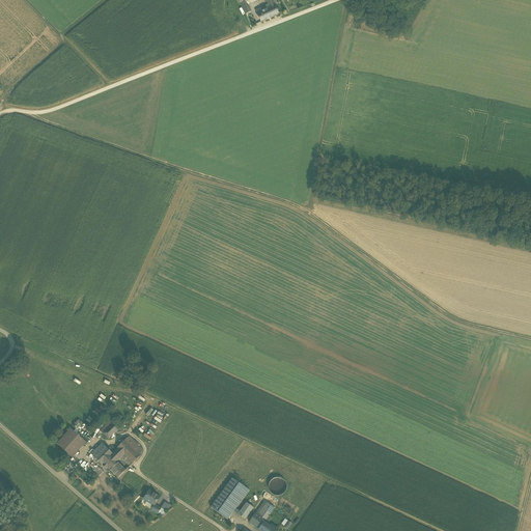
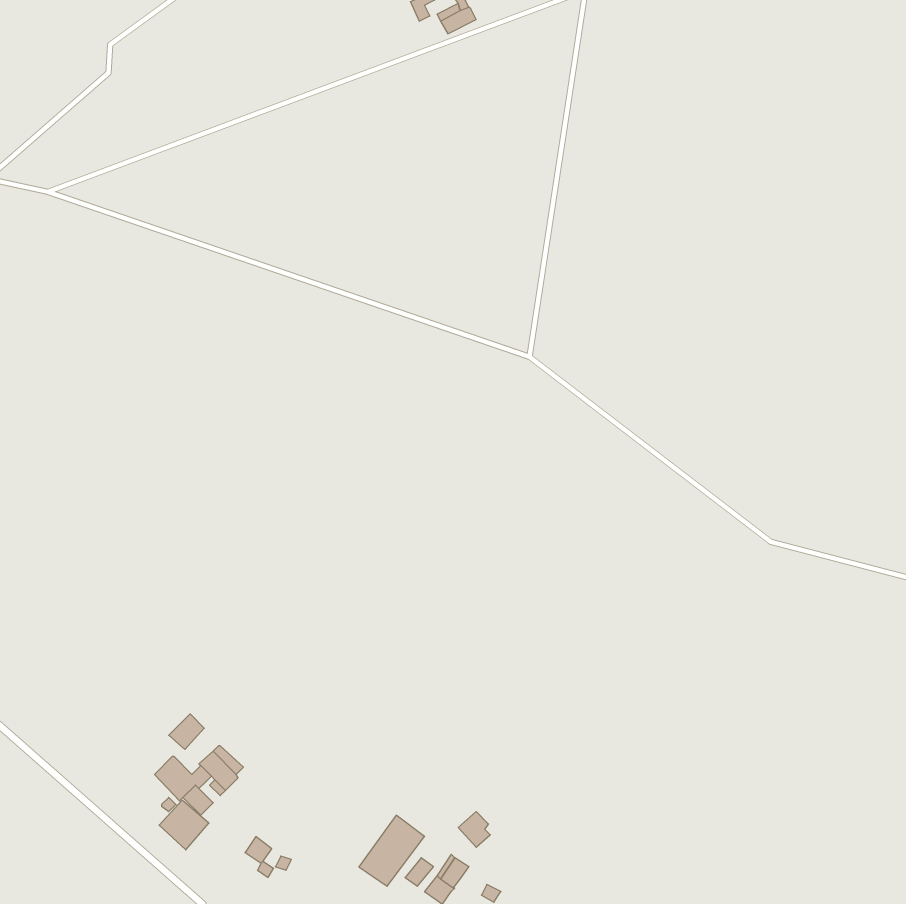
building: [56,427,85,456] -> [159,800,209,850]

